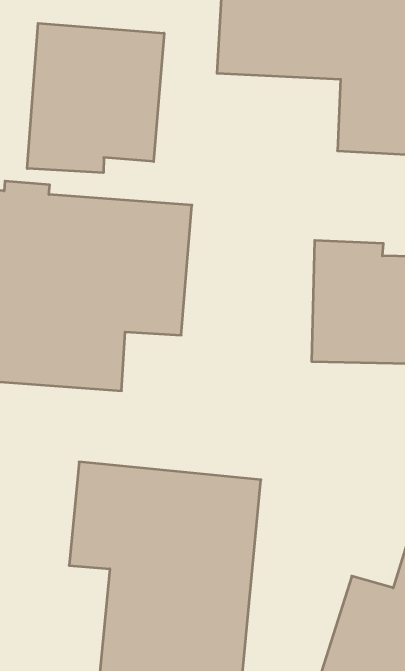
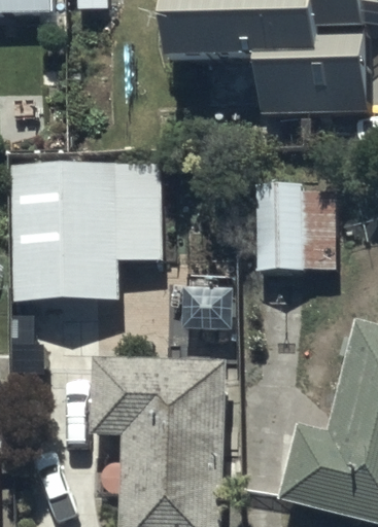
building: [27,23,164,173] -> none

